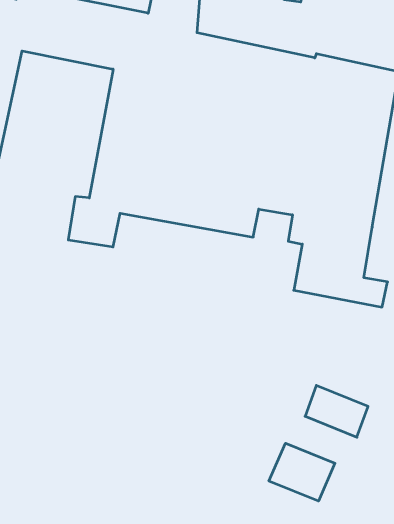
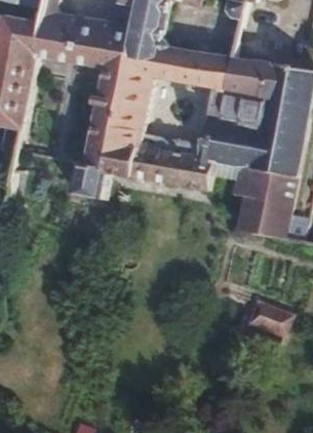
building: [269,443,335,501] -> none

